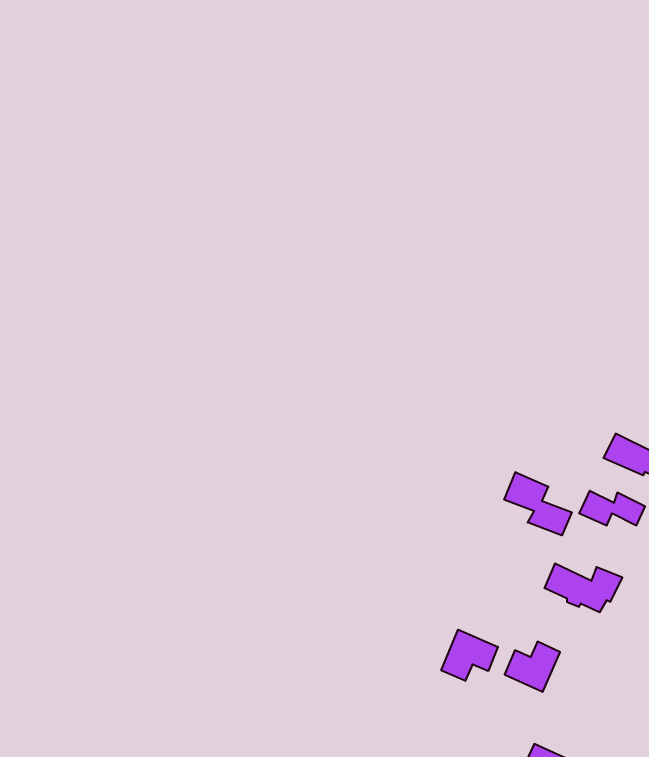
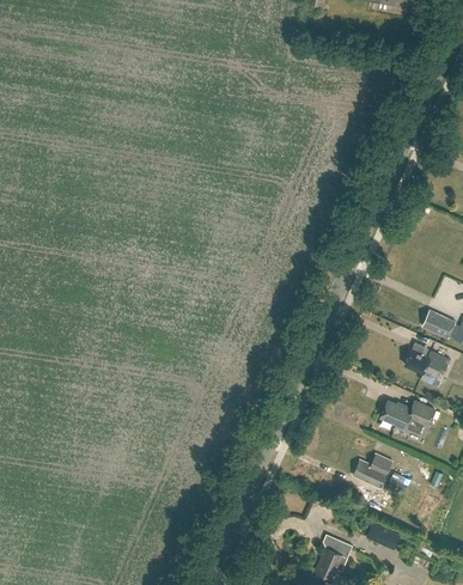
building: [504,472,572,535] -> none
building: [441,630,498,681] -> none

